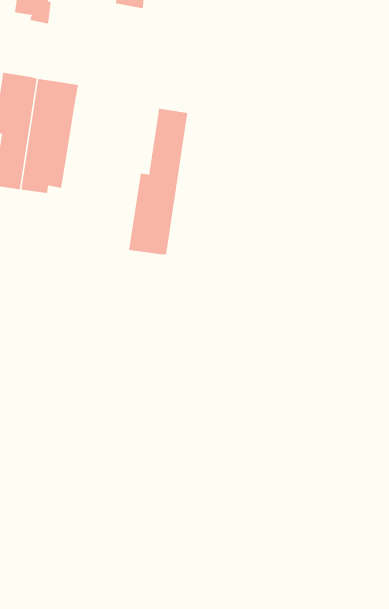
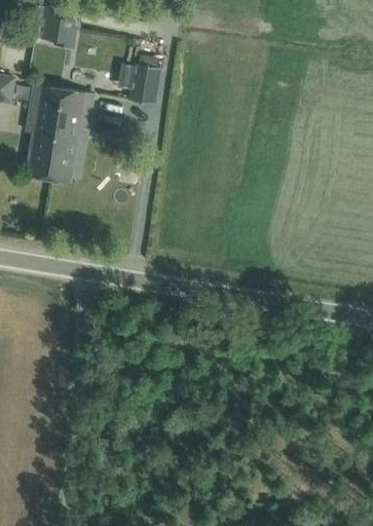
building: none -> [128,64,161,104]
building: [129,108,188,255] -> none

